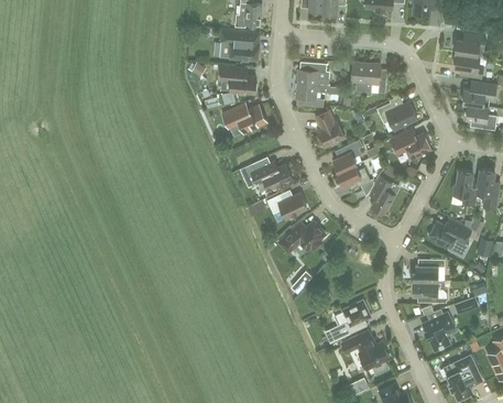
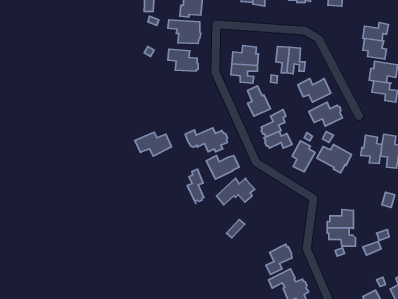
building: [220,102,264,131] -> [135,132,171,156]
building: none -> [187,169,204,204]
building: [427,218,469,252] -> [317,145,352,173]
building: [422,312,453,350] -> none

